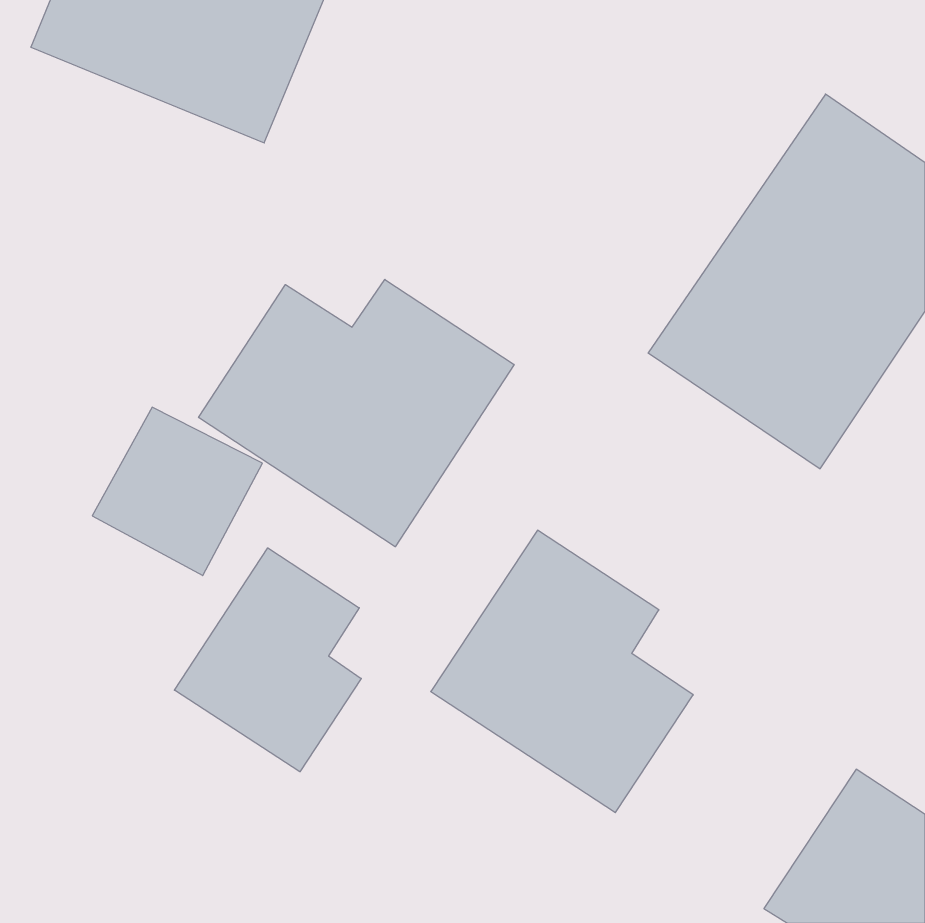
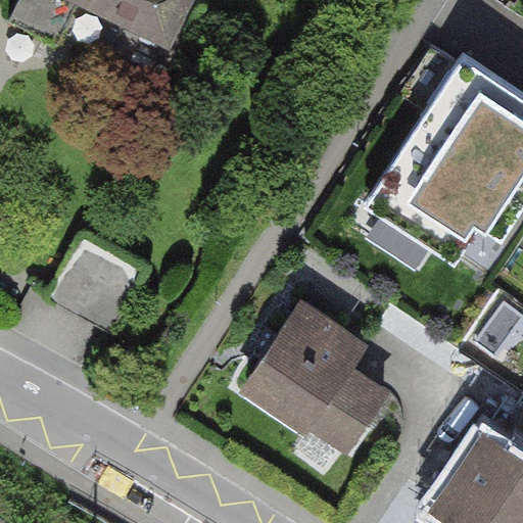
building: [199,279,514,547] -> none
building: [174,548,361,772] -> none

